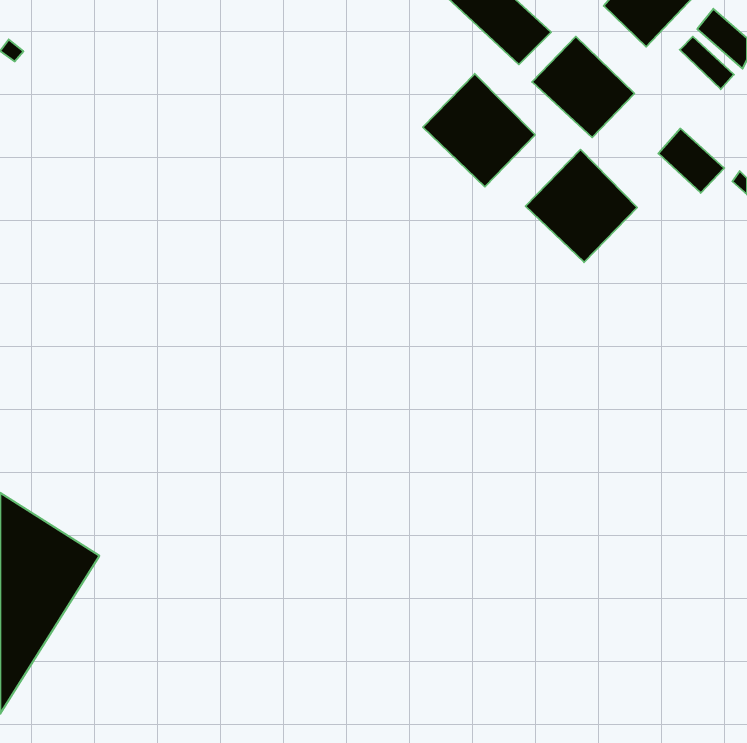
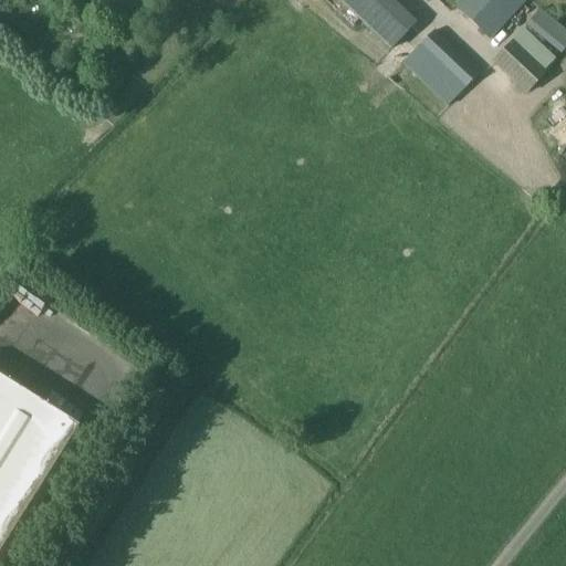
building: [423,74,535,187] -> none
building: [658,129,724,193] -> [495,41,545,90]
building: [526,150,637,262] -> none

